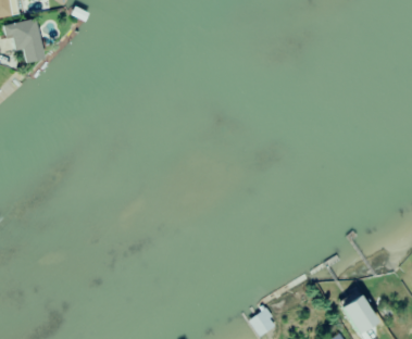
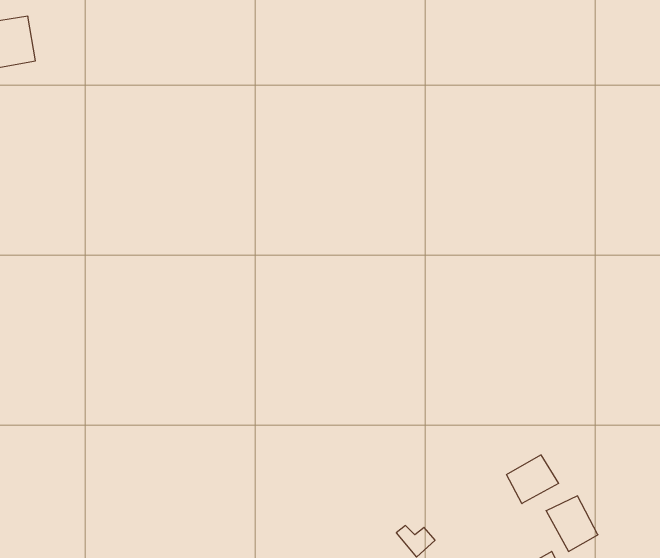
building: none -> [507,455,559,504]

